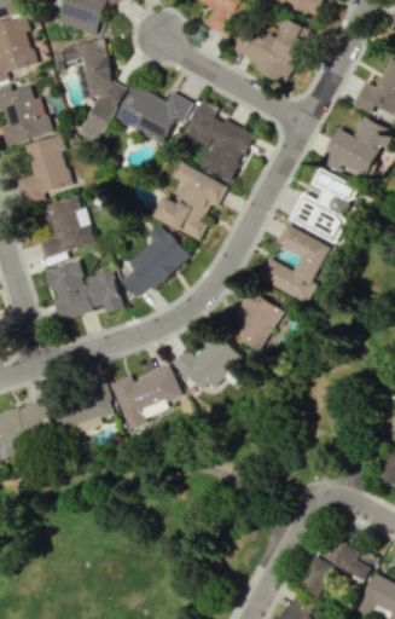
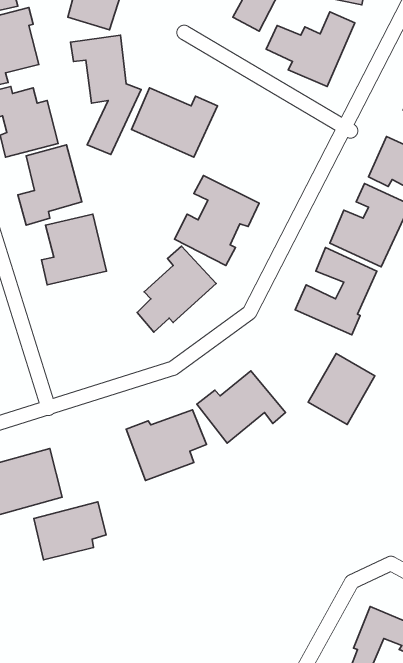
building: [185,98,254,180] -> none
building: [46,260,122,319] -> none
building: [226,289,284,351] -> [308,354,375,424]
building: [51,384,114,435] -> [34,502,106,560]

